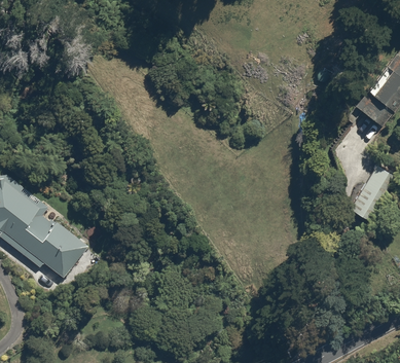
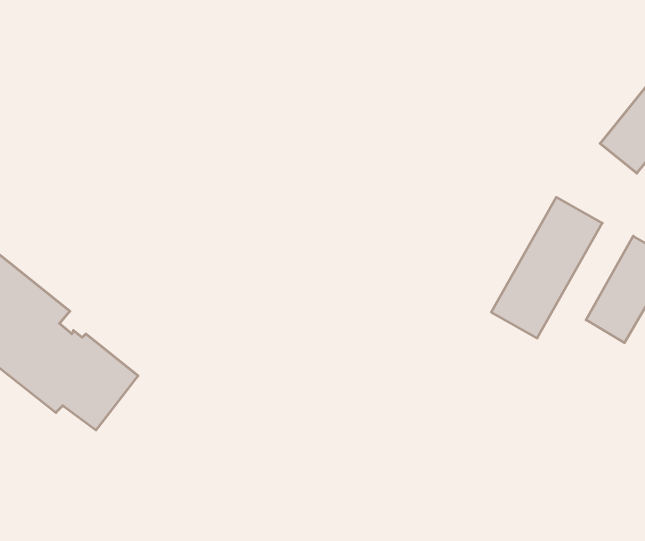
building: none -> [491,197,602,338]

